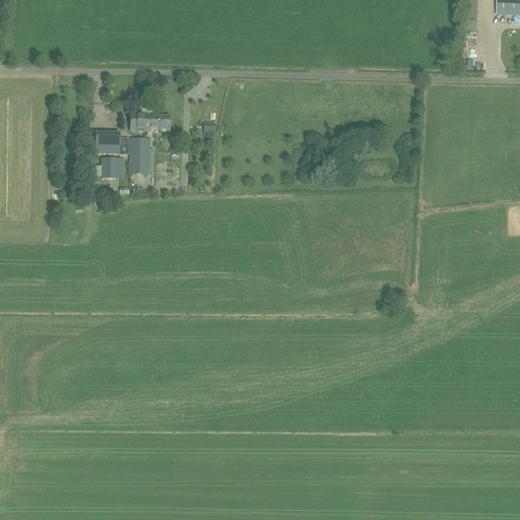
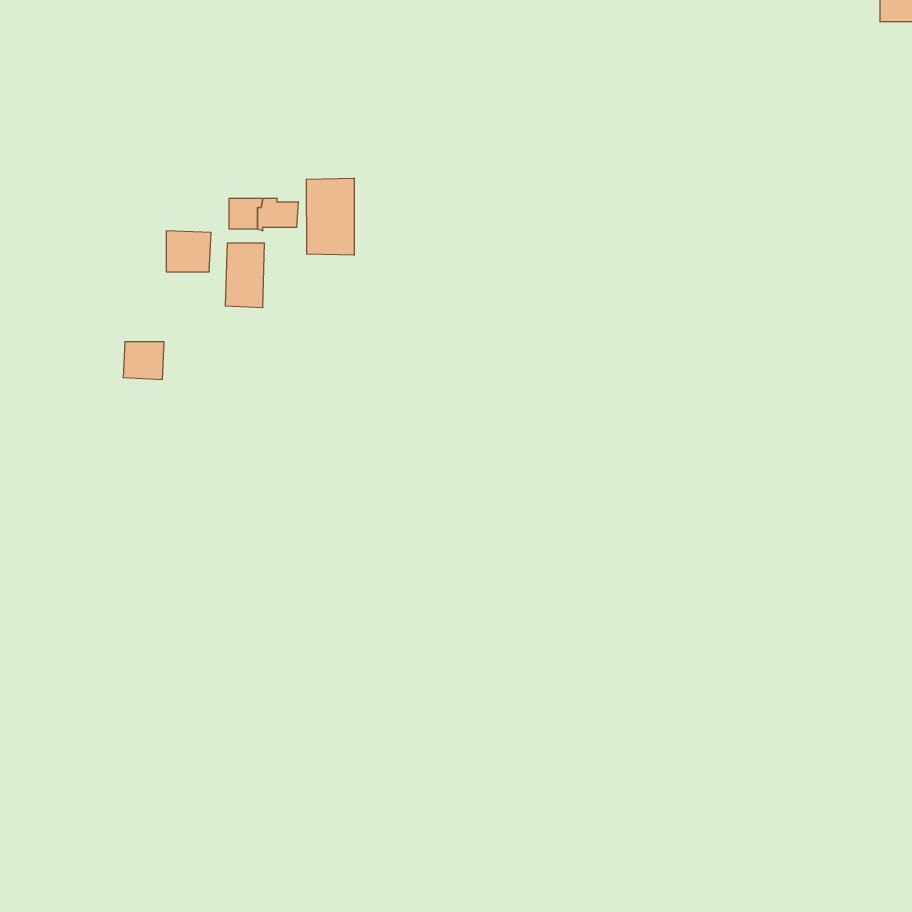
building: none -> [307,178,354,255]
building: [101,157,124,179] -> [123,342,164,379]

